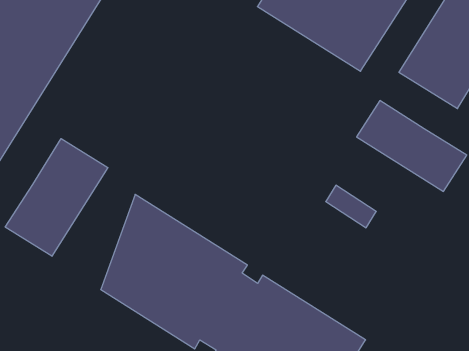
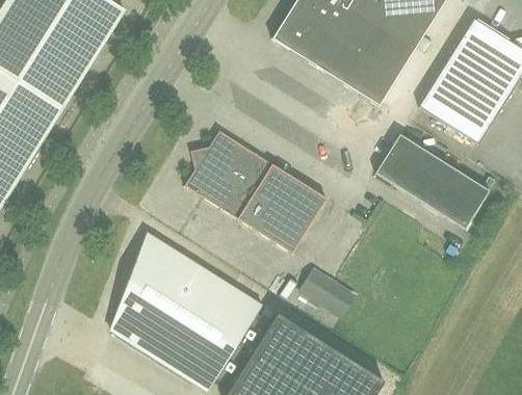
building: none -> [184,129,327,252]
building: [5,139,108,256] -> none
building: [326,185,376,228] -> [302,271,354,315]

